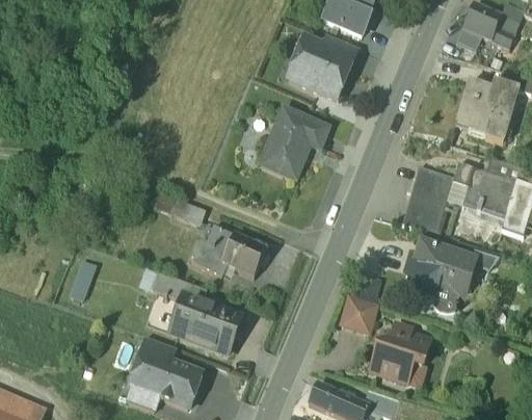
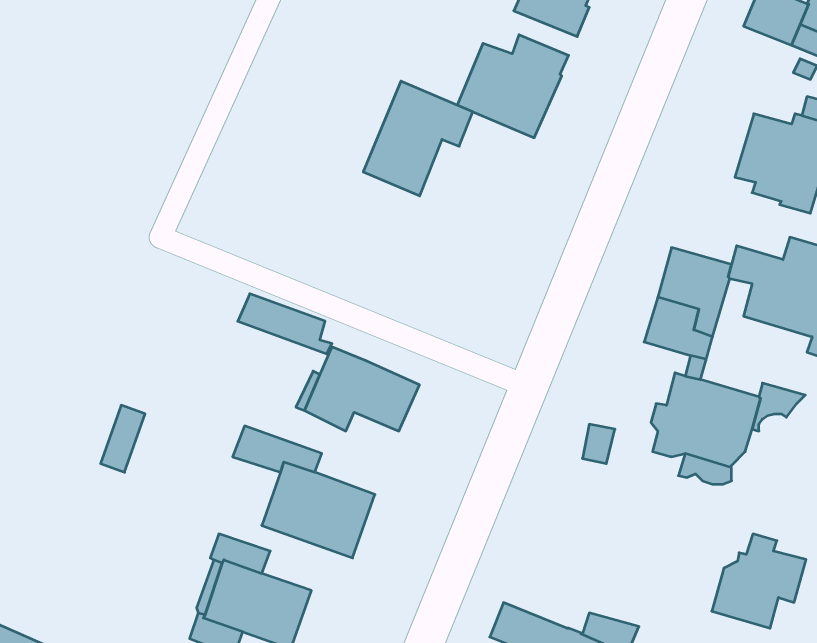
building: [260,109,326,179] -> [363,81,473,196]
building: [341,294,376,330] -> none
building: [371,321,428,378] -> [712,534,806,628]

